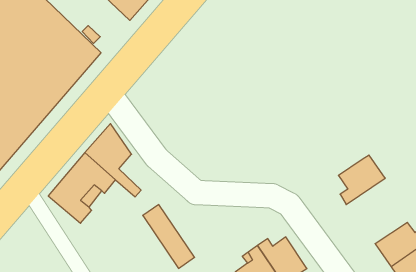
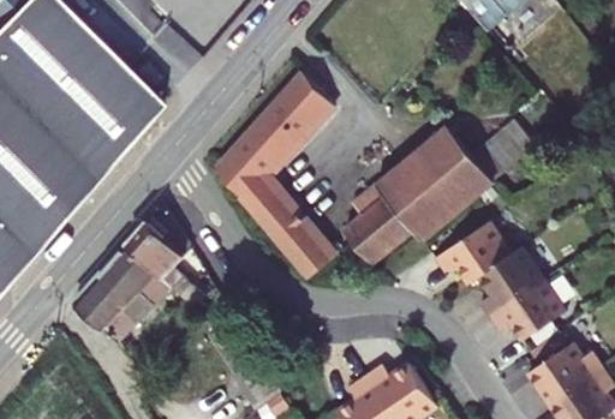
building: none -> [226,74,342,276]
building: none -> [353,109,543,262]
building: none -> [444,220,521,282]
building: none -> [498,279,575,341]

